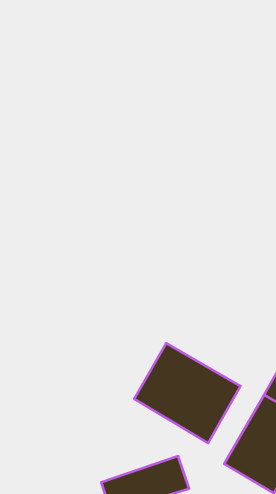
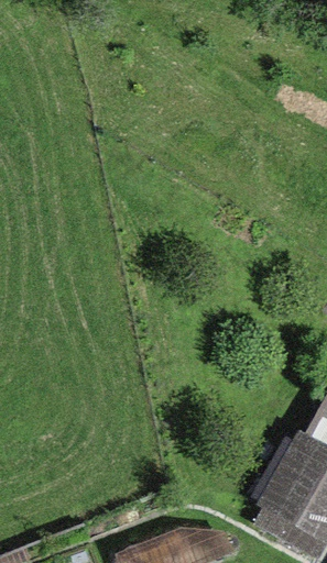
building: [134,343,240,443] -> none

